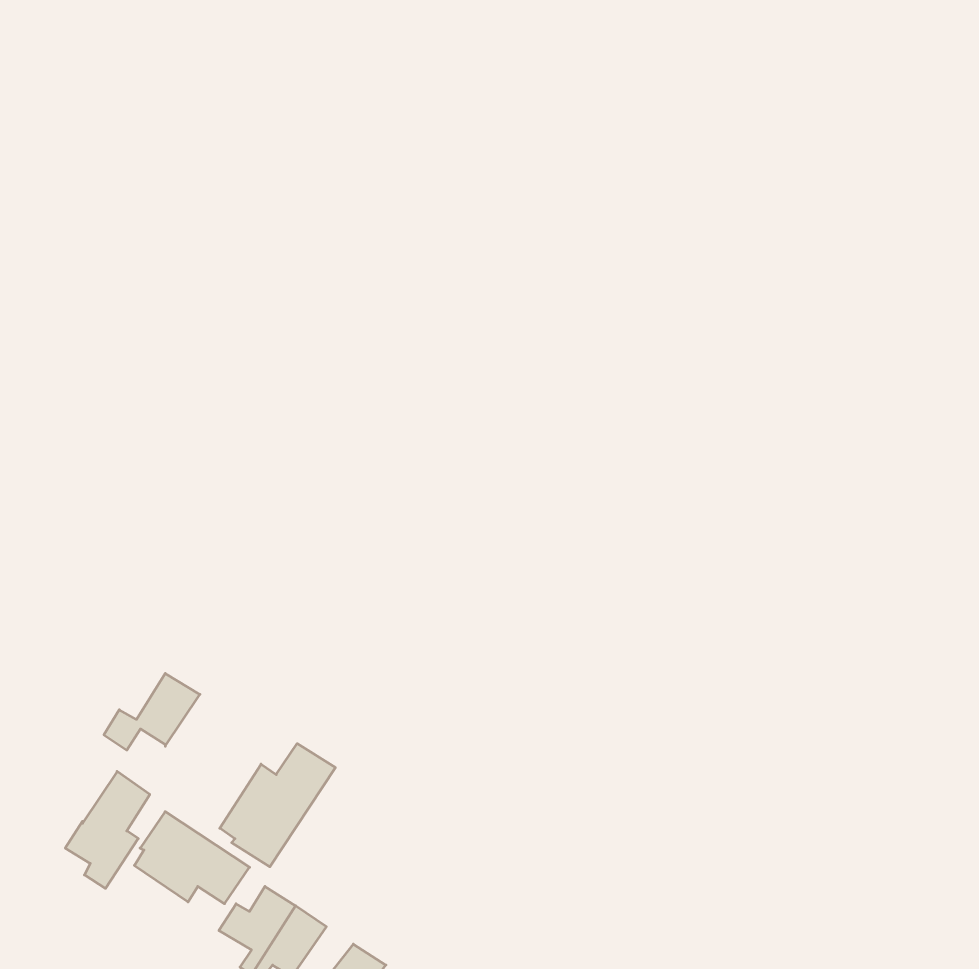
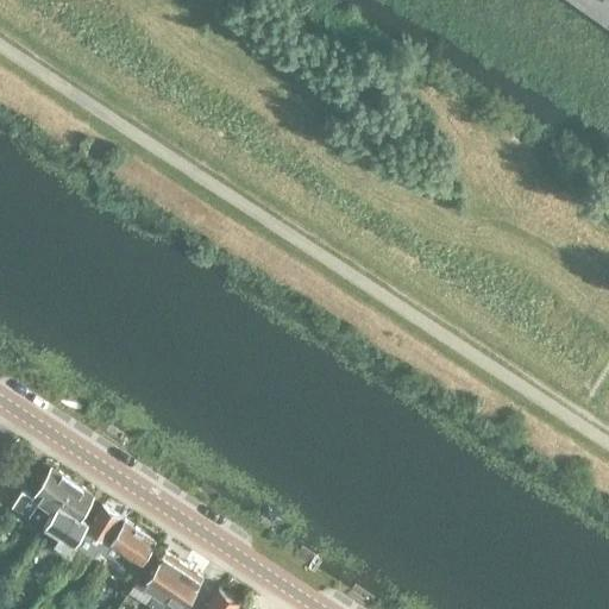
building: [104,673,200,750] -> [14,472,74,520]
building: [220,744,335,867] -> none

